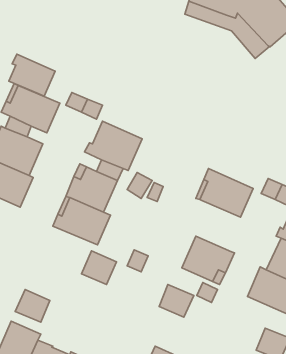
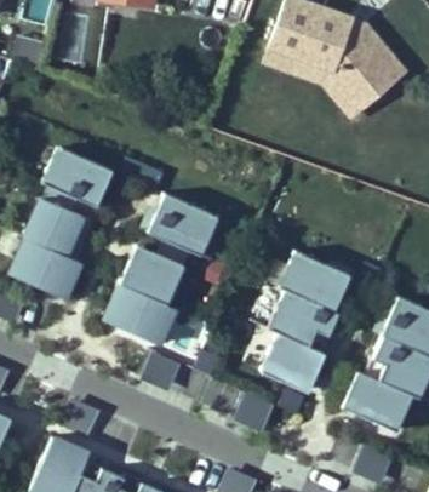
building: [9,54,55,96] -> none
building: none -> [269,290,339,353]

